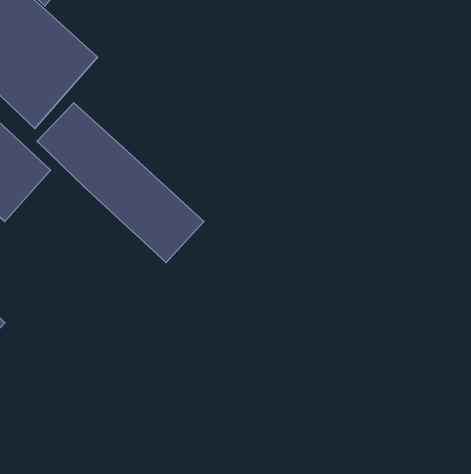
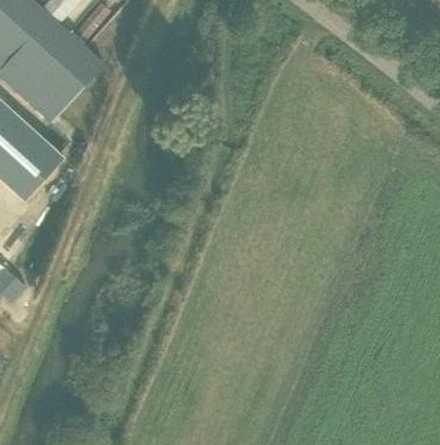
building: [37,103,204,262] -> none

